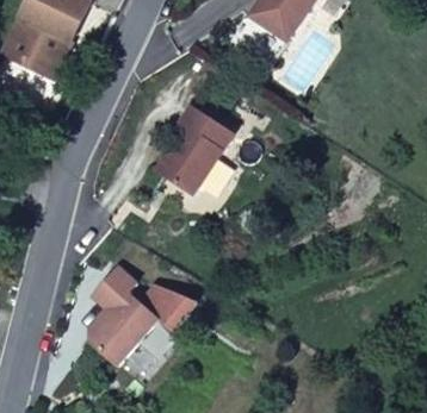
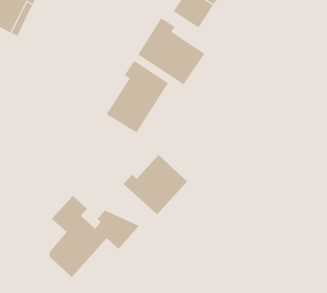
building: none -> [137,18,205,85]
building: none -> [123,154,188,215]

